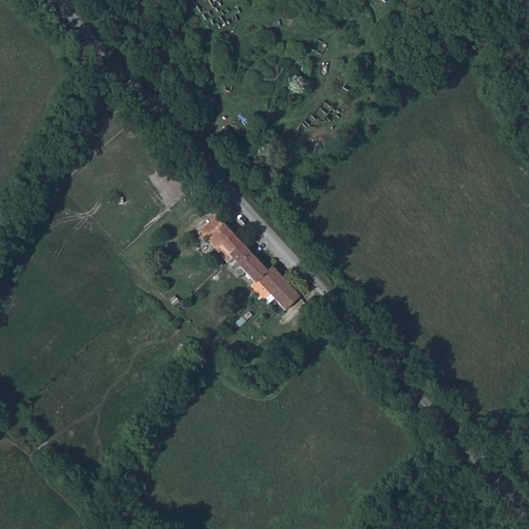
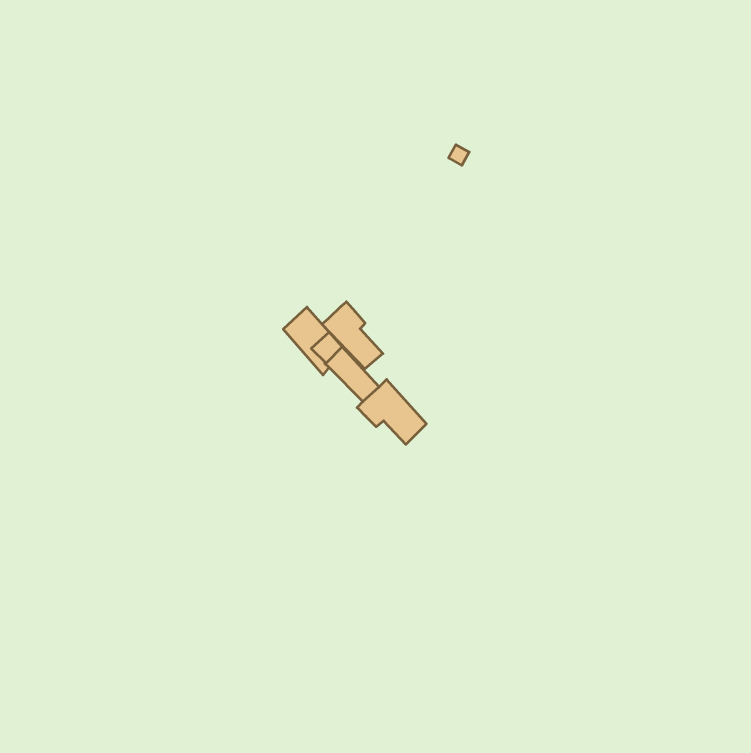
building: none -> [322,302,383,369]

